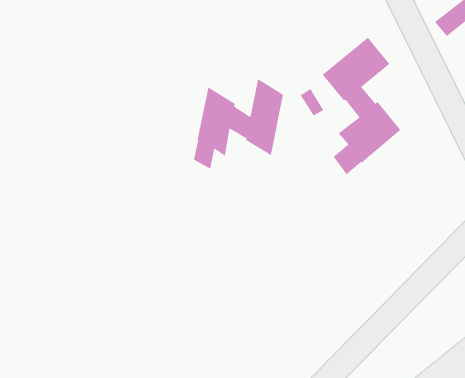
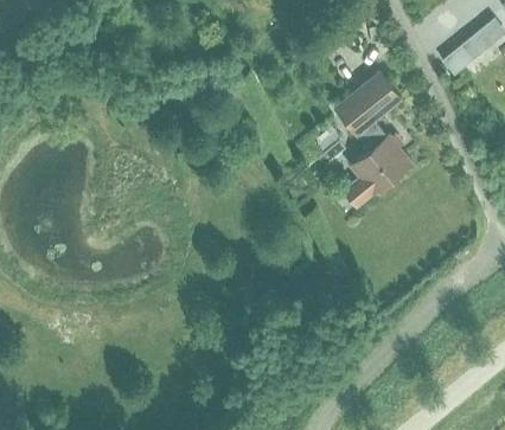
building: [193,78,283,169] -> none

